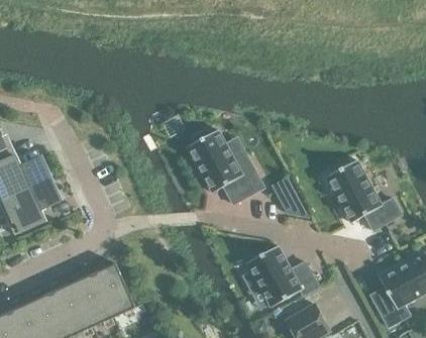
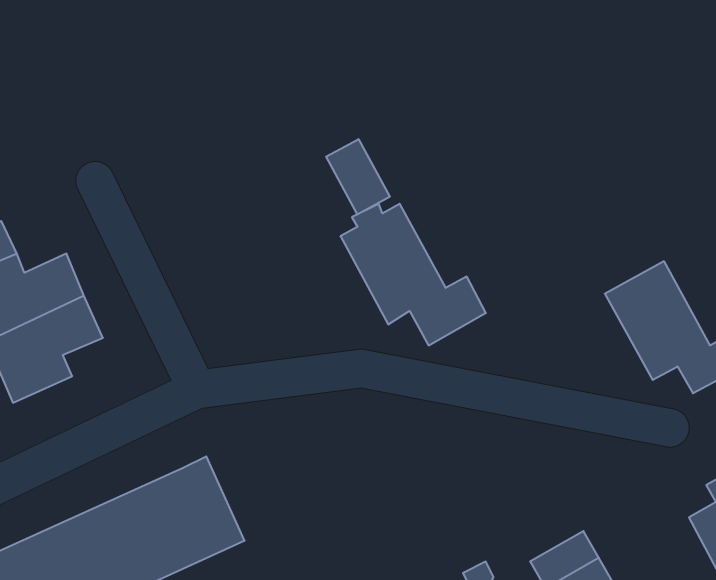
building: none -> [326,139,390,214]
building: [277,185,310,217] -> none
building: [243,245,318,307] -> none

